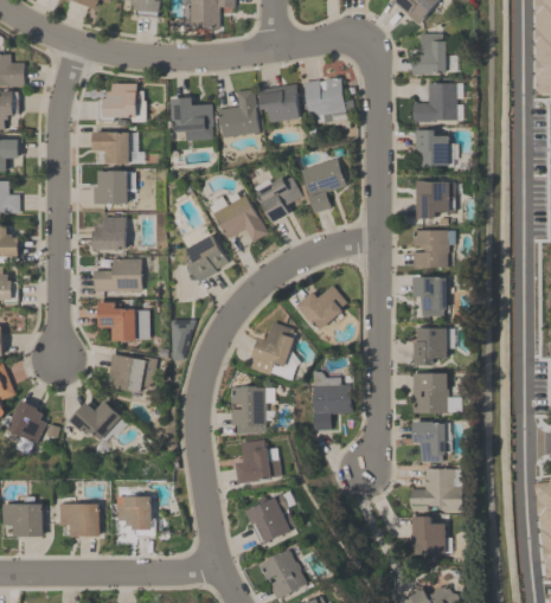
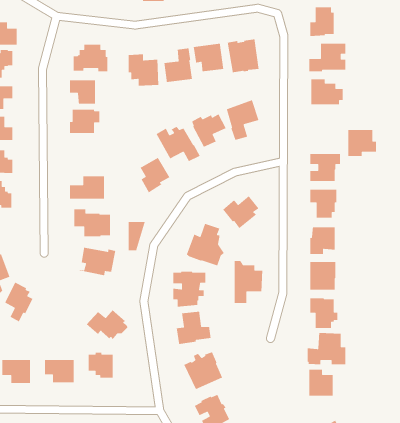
building: [416,181,455,218] -> [347,129,377,157]
building: [94,218,126,250] -> none
building: [69,400,126,442] -> [86,309,129,340]

